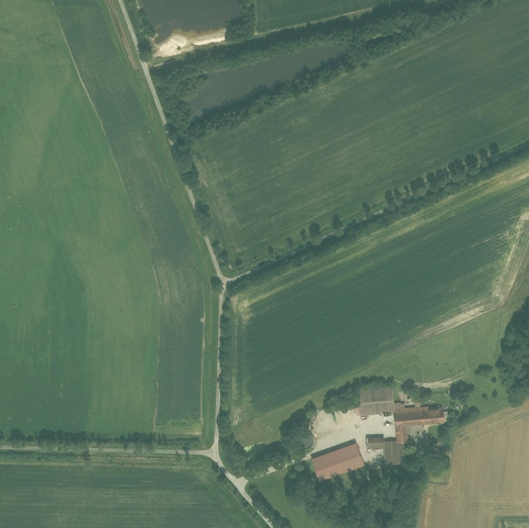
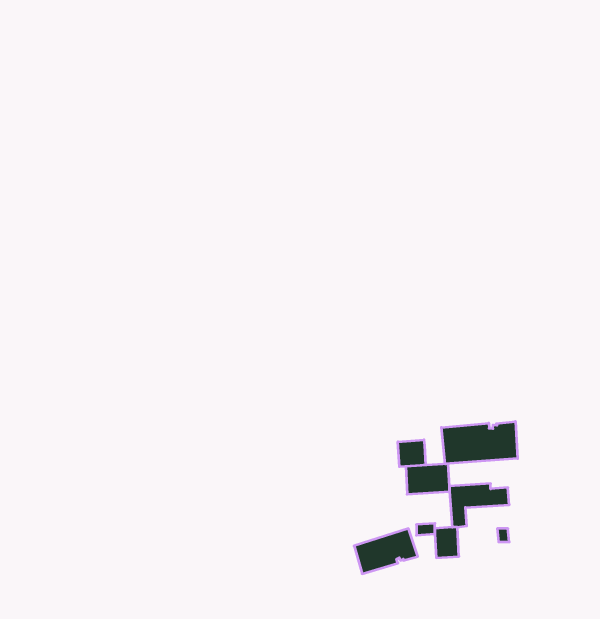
building: none -> [441,421,518,464]
building: none -> [398,440,425,467]

